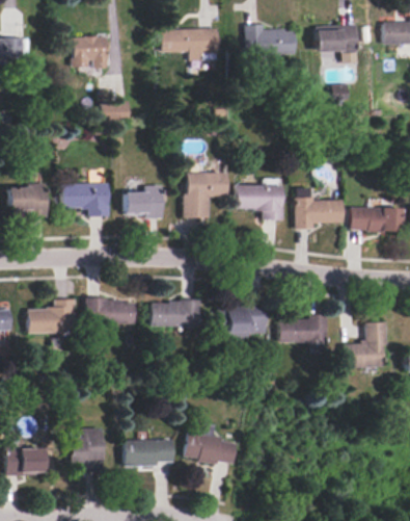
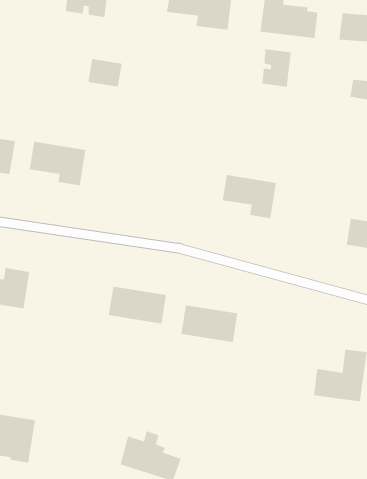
building: none -> [262,48,292,88]
building: [185,174,226,218] -> none
building: [125,189,163,219] -> none
building: [296,199,343,228] -> none
building: [87,299,137,325] -> none
building: [281,314,328,344] -> none
building: [126,440,173,466] -> none

